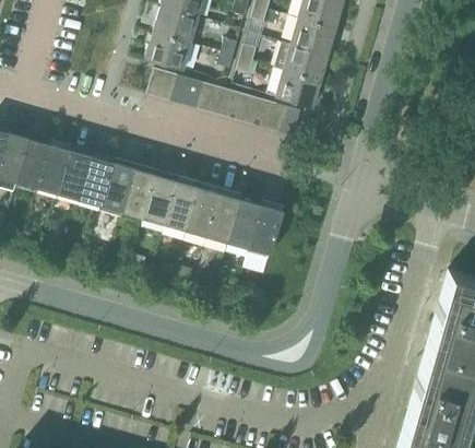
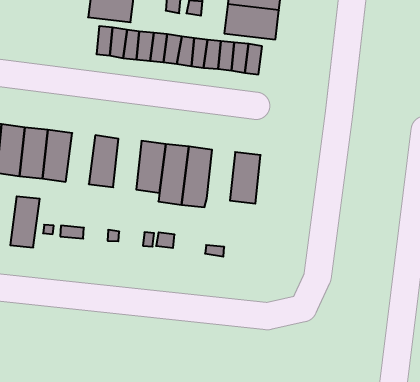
building: [100,163,134,212] -> [10,196,40,247]
building: [143,175,176,224] -> none
building: [227,199,260,248] -> none

